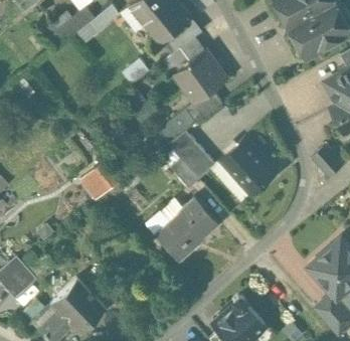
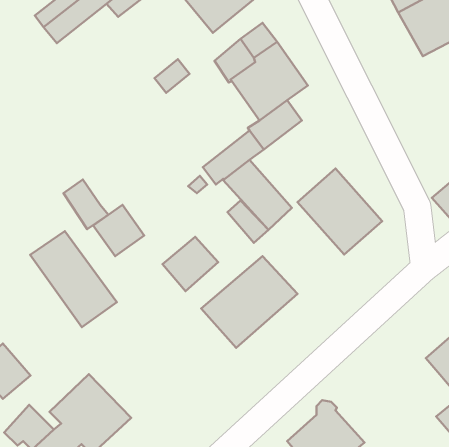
building: none -> [63,180,108,229]
building: none -> [30,231,117,327]
building: none -> [163,237,218,291]

